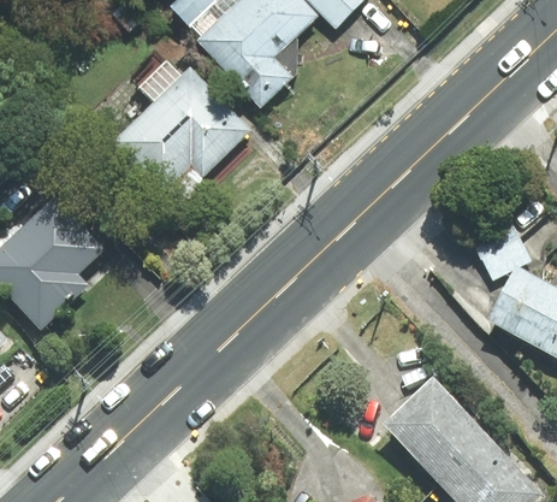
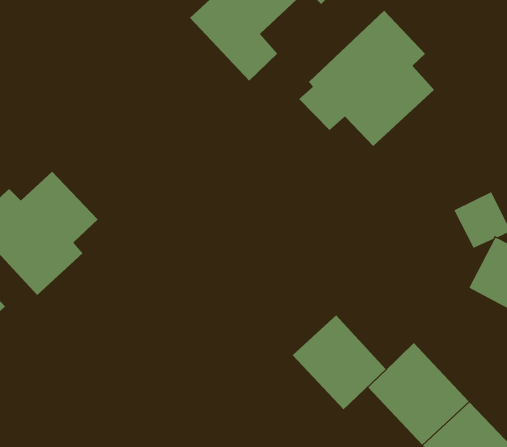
building: none -> [298,10,435,147]
building: [114,61,250,203] -> none
building: none -> [292,314,387,410]

